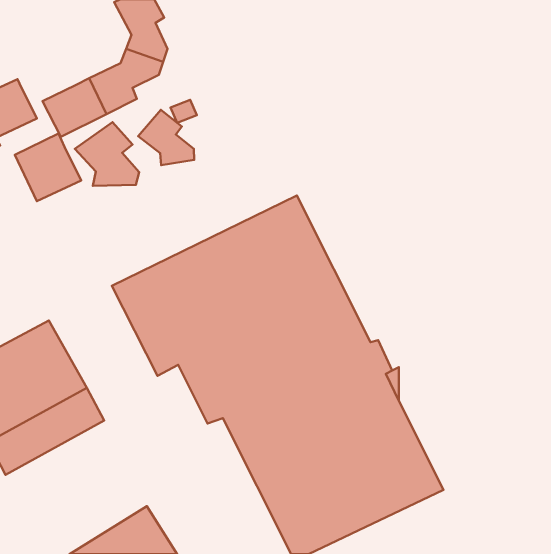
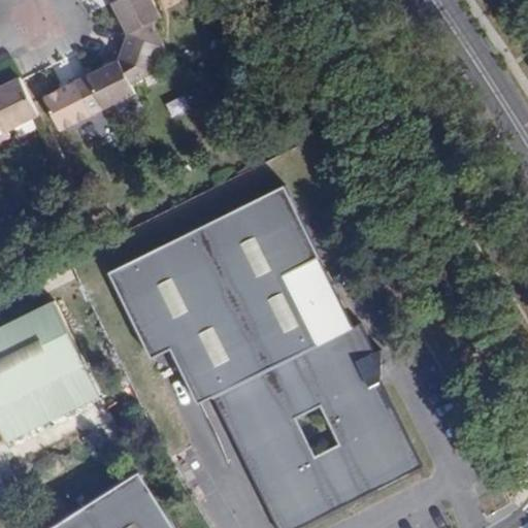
building: [138,110,194,165] -> none
building: [75,122,139,186] -> none
building: [15,133,81,201] -> none

